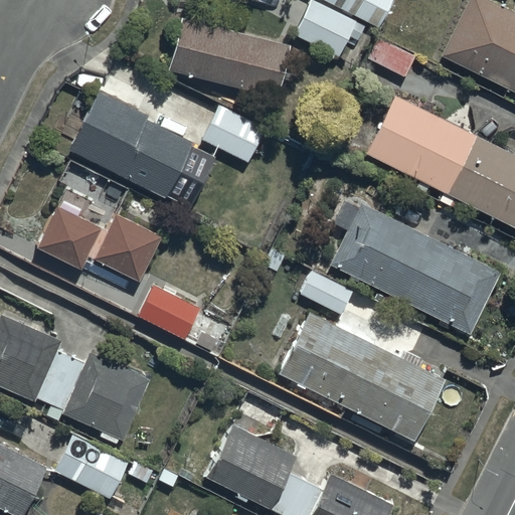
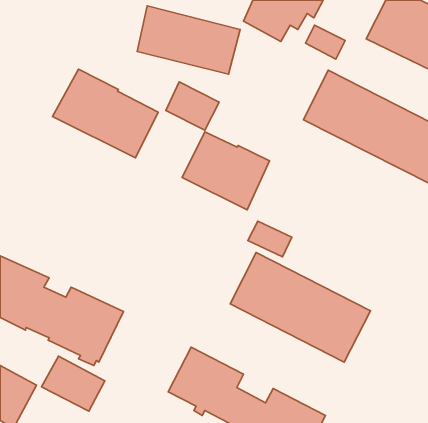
building: none -> [182,132,270,210]
building: [331,200,503,336] -> none
building: [35,206,161,283] -> none
building: [138,285,217,354] -> none

